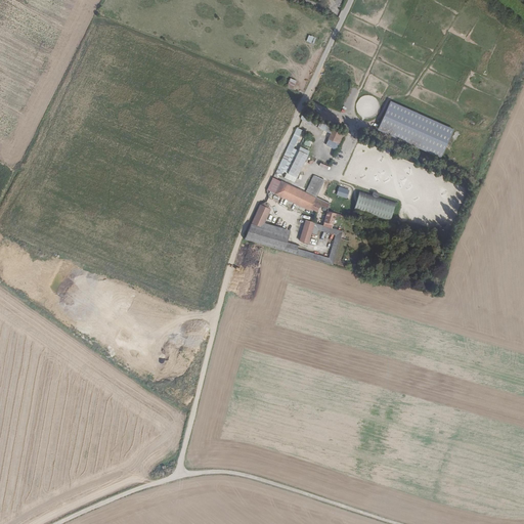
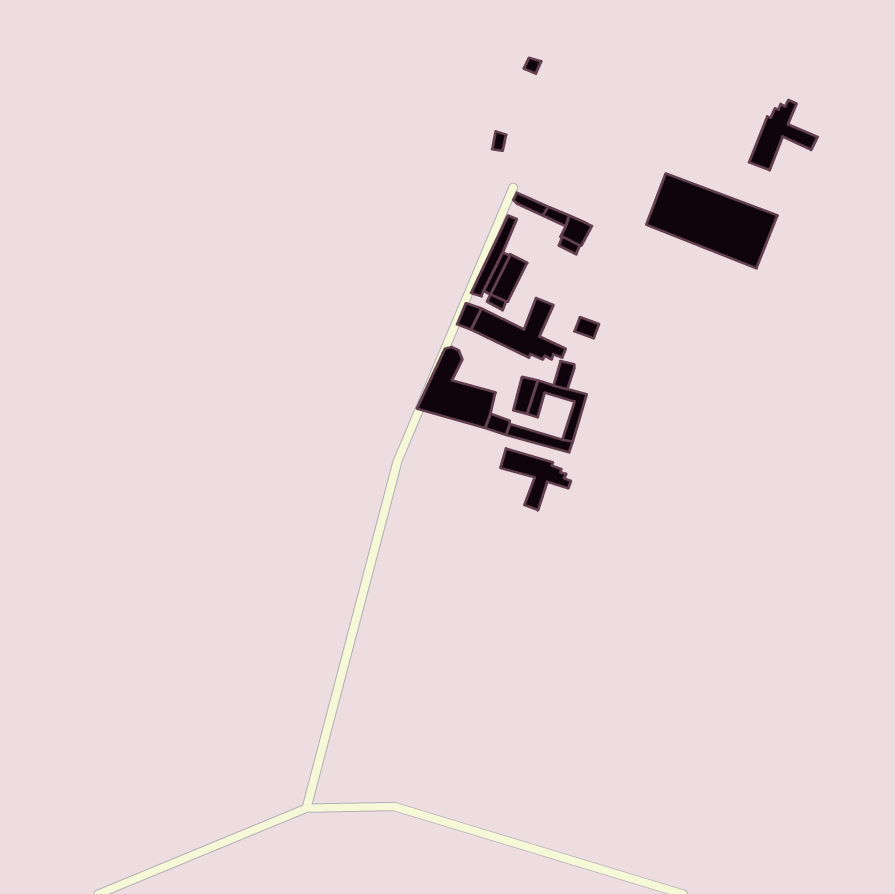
building: none -> [749,100,818,170]
building: [353,190,395,221] -> none
building: none -> [501,448,571,510]

